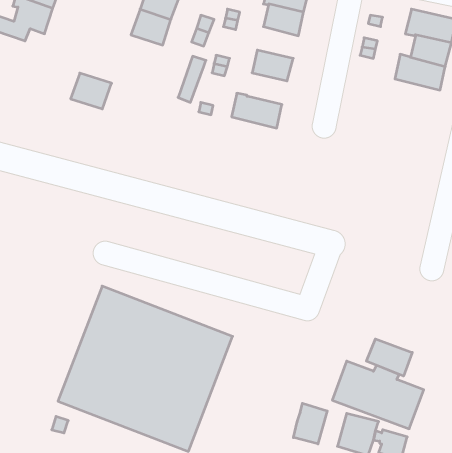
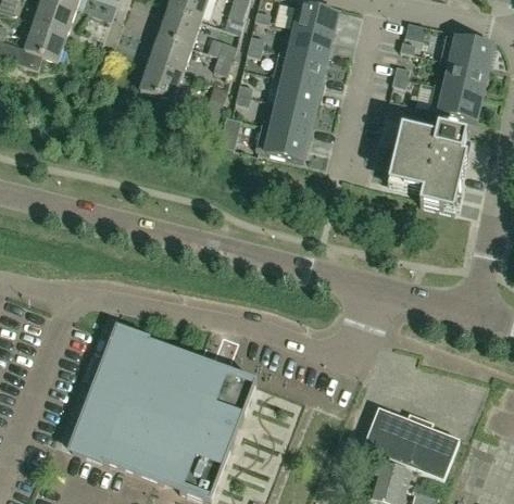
building: none -> [273,48,326,85]
building: none -> [272,100,314,134]
building: [71,73,112,109] -> [139,60,183,98]
building: none -> [388,125,467,211]
building: [366,339,412,376] -> none
building: [293,403,327,444] -> none

